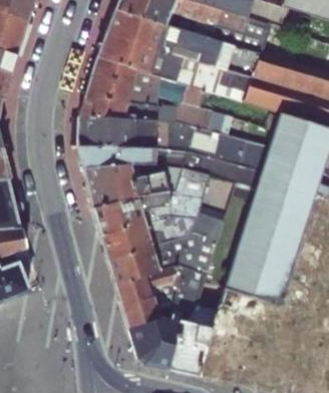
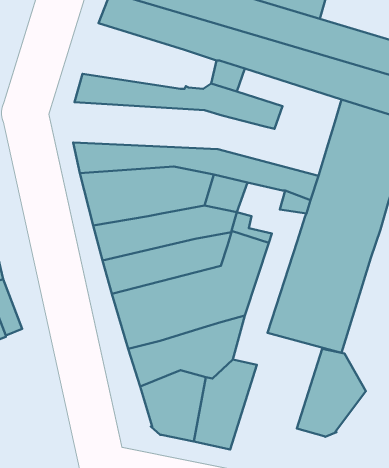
building: [85,55,161,104] -> none
building: [78,114,269,169] -> none
building: none -> [297,349,366,437]

